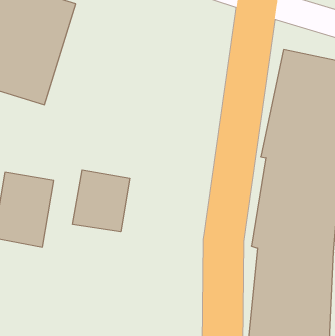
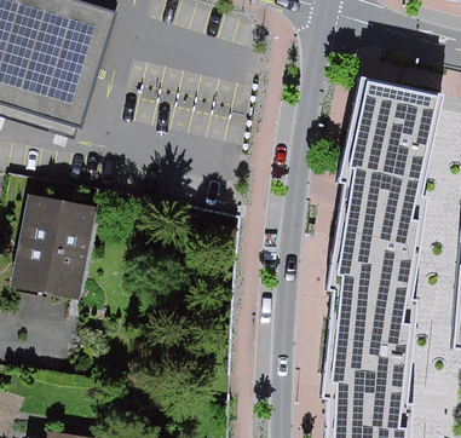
building: [73,170,130,232] -> none

